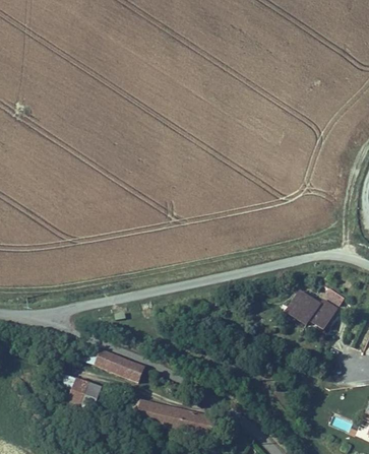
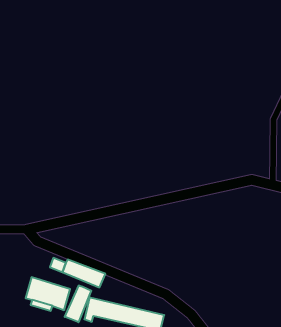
building: [285,288,345,335] -> none
building: none -> [65,285,91,322]

